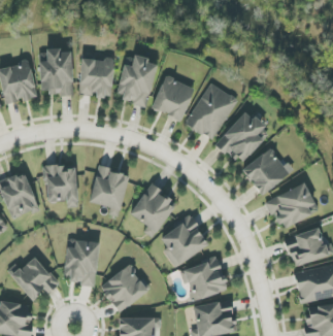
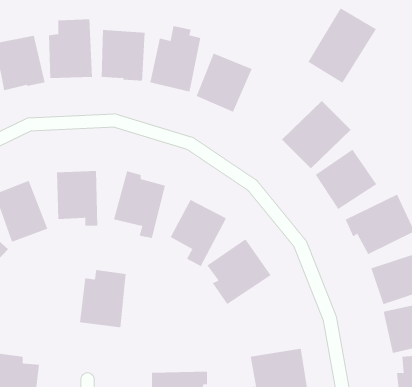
building: [186,82,238,140] -> [308,8,377,83]
building: [8,257,58,300] -> none
building: [182,259,228,300] -> none
building: [100,264,149,312] -> none

